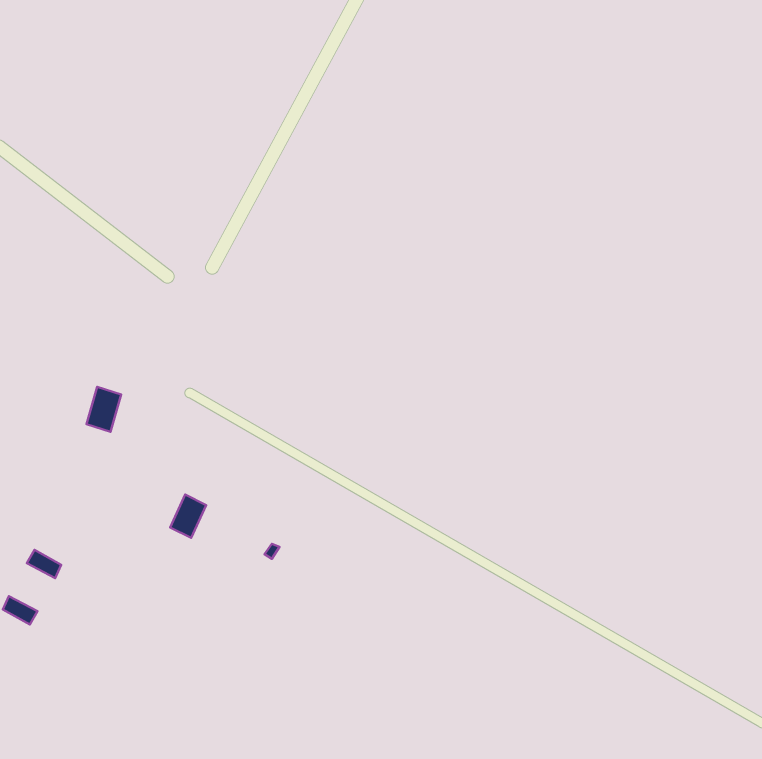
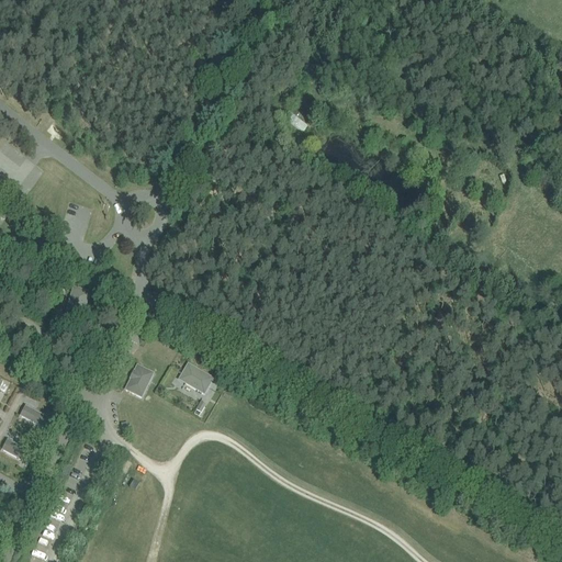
building: none -> [181,362,212,392]

